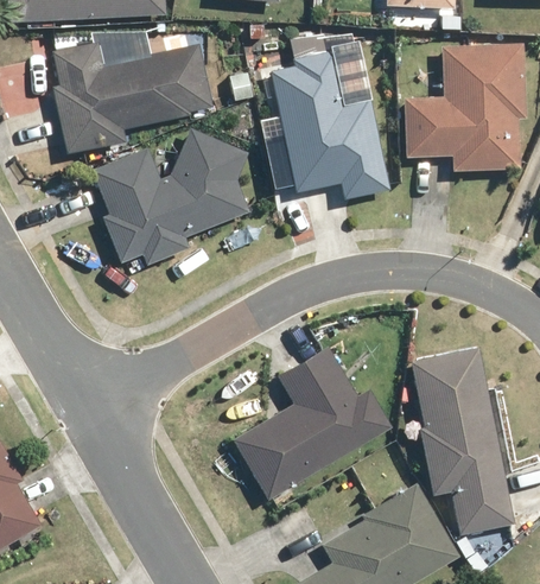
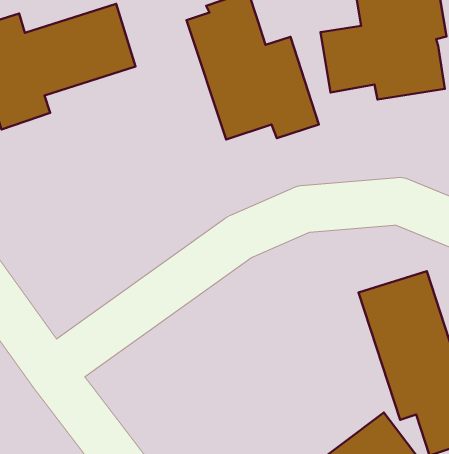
building: [93,125,250,265] -> none
building: [230,344,392,501] -> none

